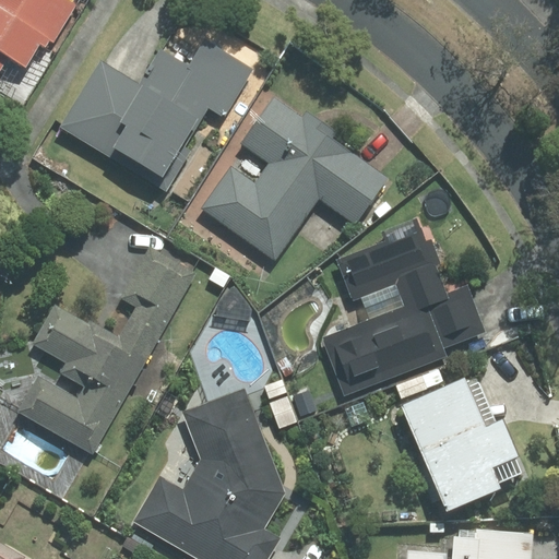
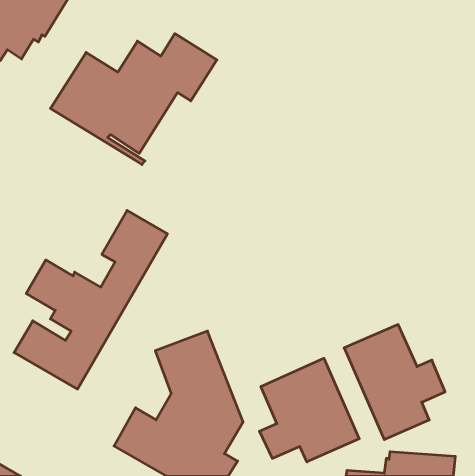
building: [199,96,388,261] -> none
building: [322,216,484,395] -> none
building: none -> [259,358,359,462]

